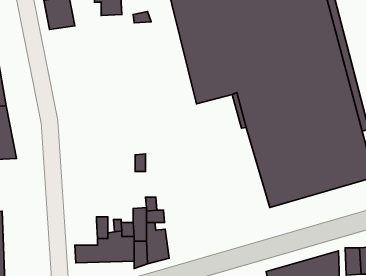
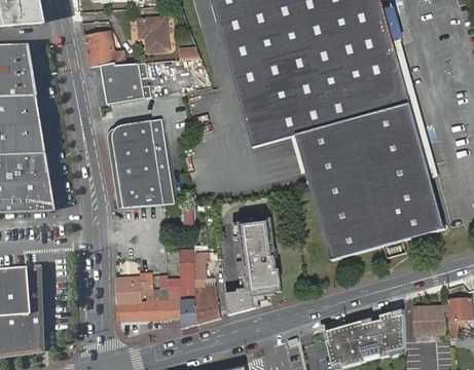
building: none -> [88,63,150,106]
building: none -> [112,119,175,207]
building: none -> [225,217,281,314]
building: none -> [115,275,141,302]

